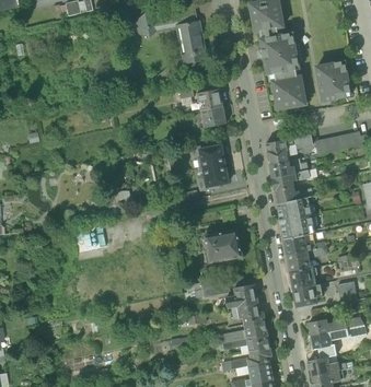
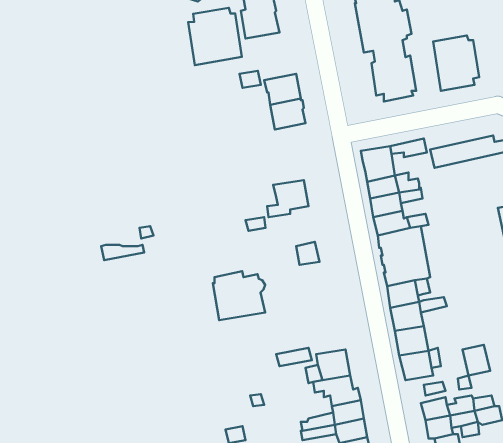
building: none -> [188,8,242,65]
building: [198,144,224,167] -> none
building: [205,226,242,261] -> [213,271,265,320]

